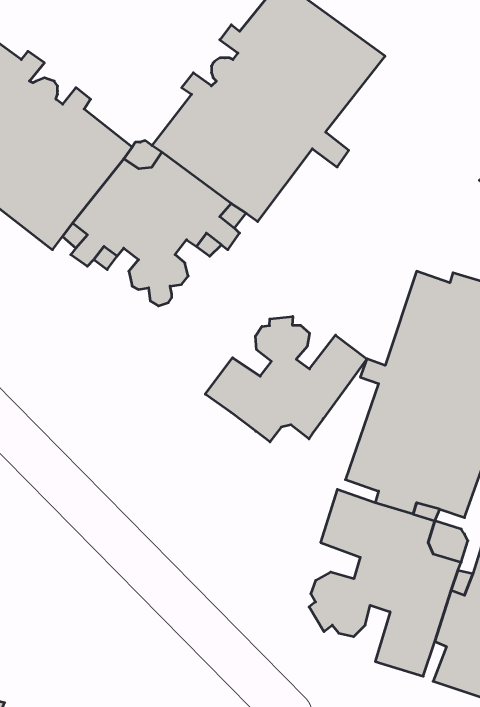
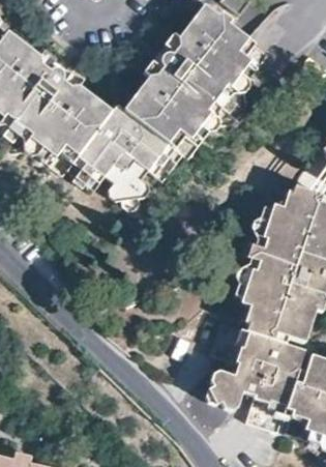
building: [205,316,367,442] -> none

